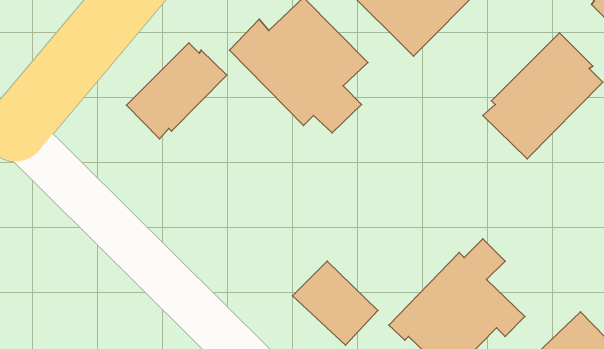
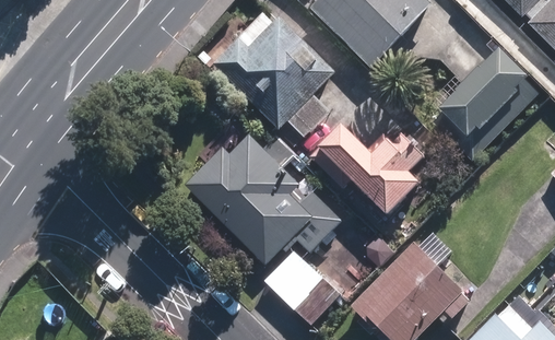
building: [126,43,227,139] -> none
building: none -> [310,122,426,214]
building: none -> [180,132,338,265]

